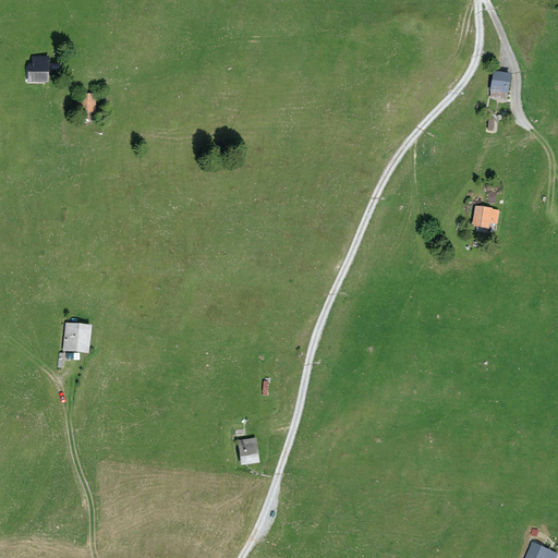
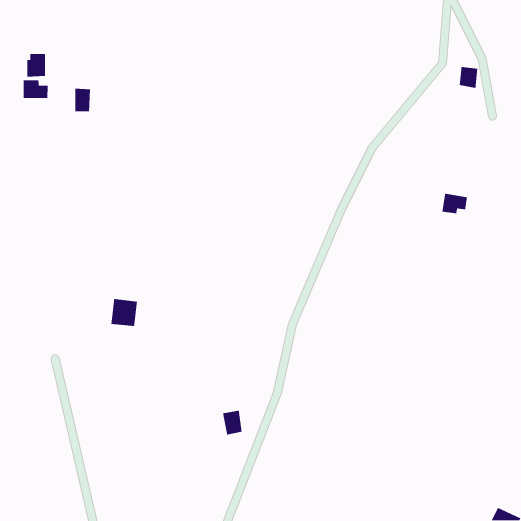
building: none -> [23,79,48,99]
building: [62,323,92,353] -> [110,298,138,327]

